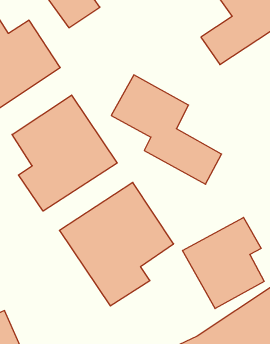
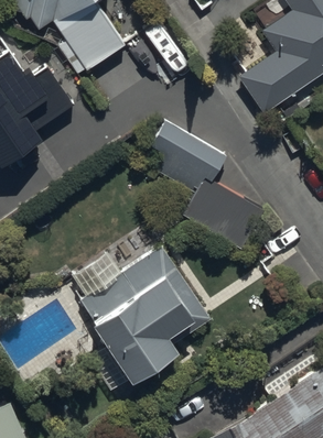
building: [12,95,117,211] -> none
building: [183,217,264,309] -> none

